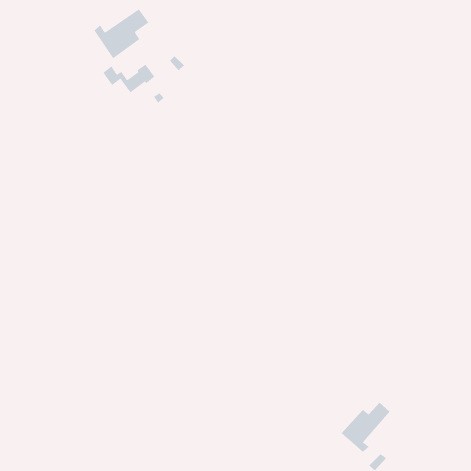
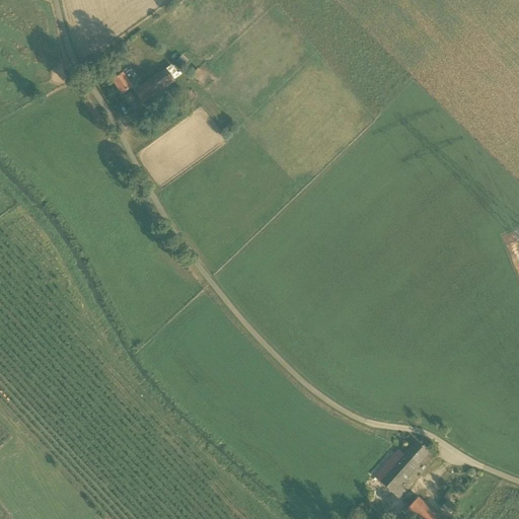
building: [94,8,149,59] -> none

